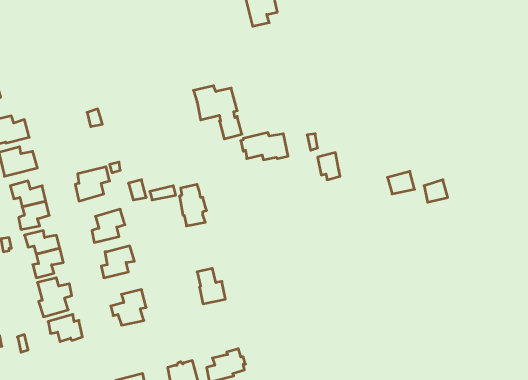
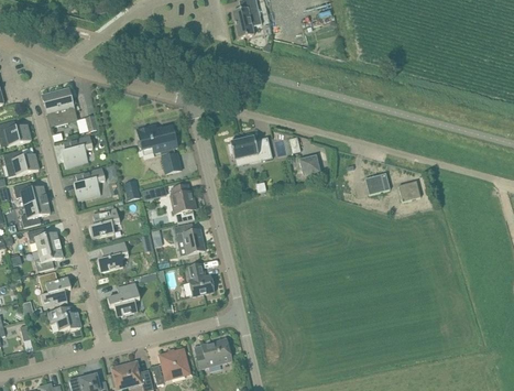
building: none -> [42,87,77,126]
building: [193,86,242,139] -> [136,123,182,173]
building: none -> [61,135,92,166]
building: none -> [174,221,205,253]

